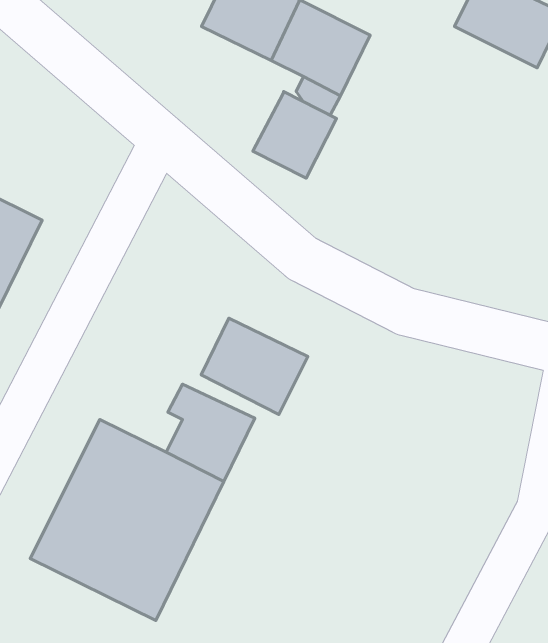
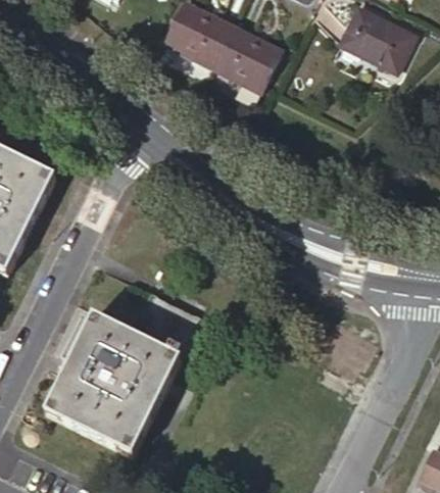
building: [253,91,337,178] -> none
building: [201,318,308,414] -> none

